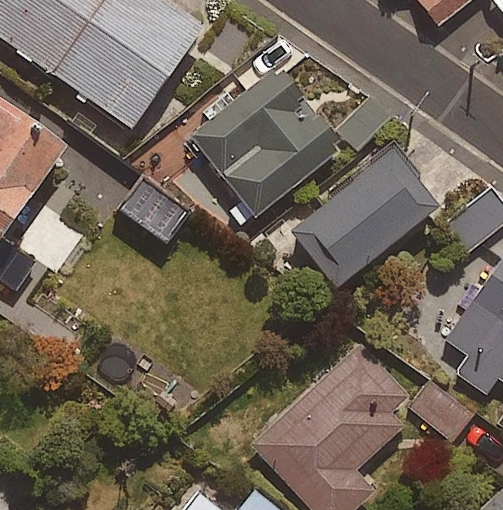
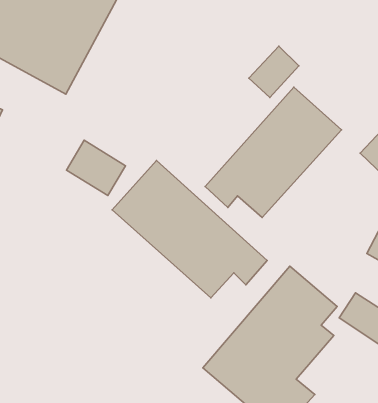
building: [191,66,345,228] -> none
building: none -> [112,161,267,298]

